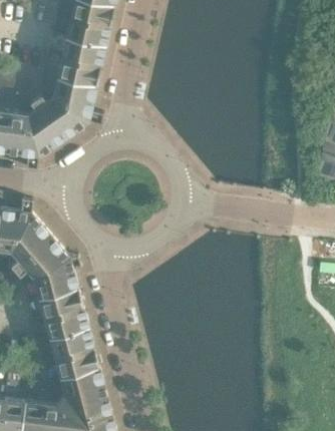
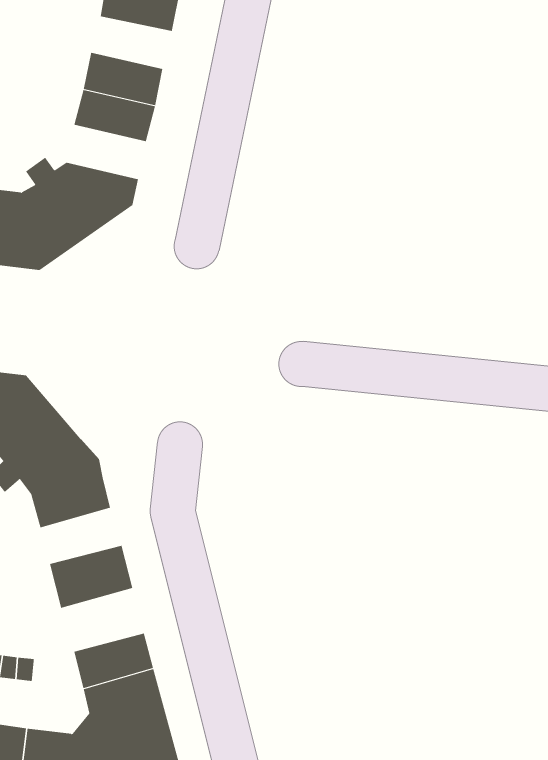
building: [65,20,109,48] -> none
building: [52,78,95,107] -> none
building: [38,284,82,314] -> none
building: [49,327,94,361] -> none

